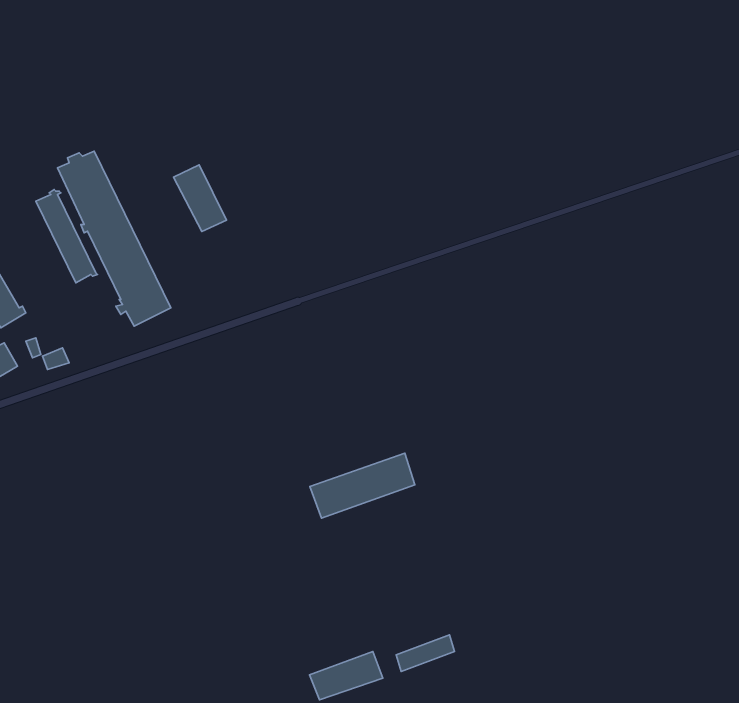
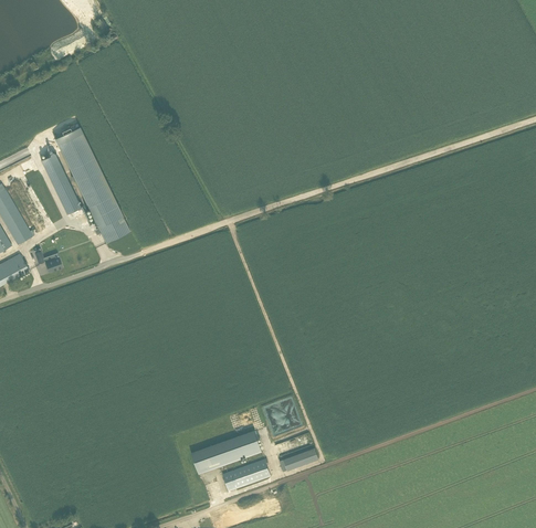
building: [174,165,226,232] -> none
building: [310,453,415,518] -> [190,430,260,473]

